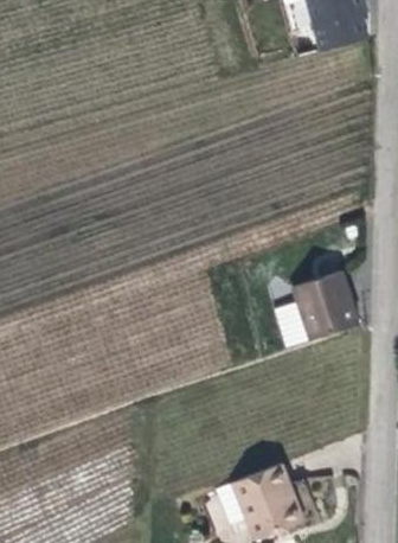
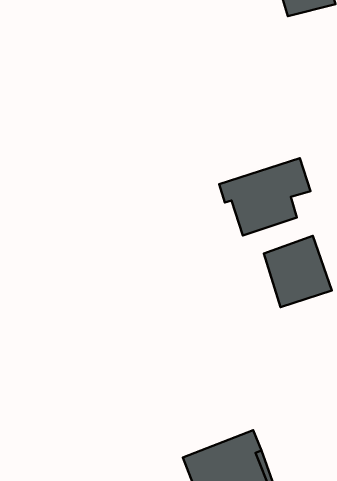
building: none -> [219,158,310,236]

